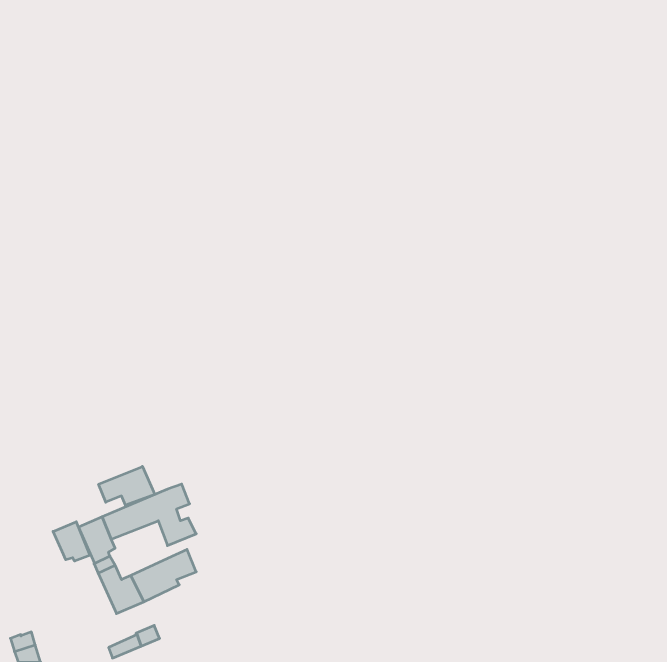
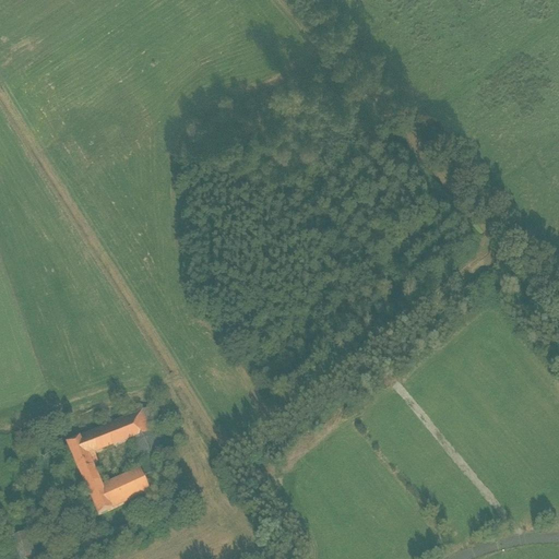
building: [99,466,155,505] -> none
building: [53,522,91,561] -> none

